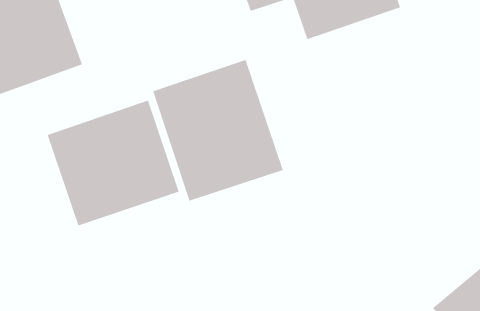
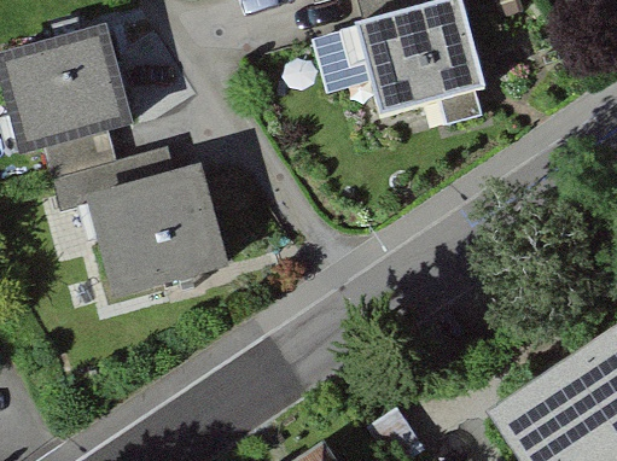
building: [152,59,284,201] -> none

